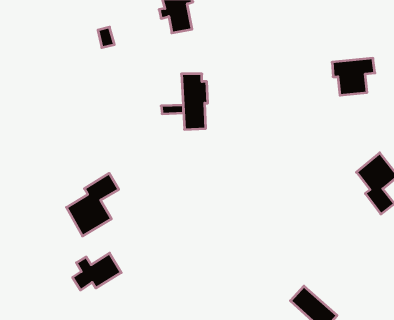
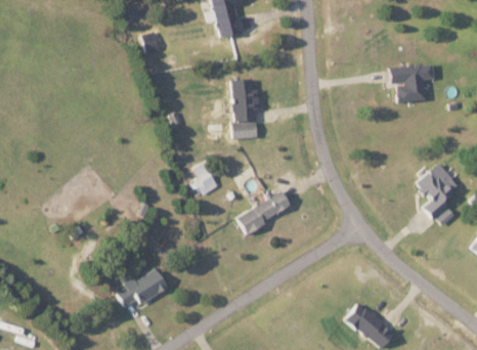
building: none -> [194,160,219,194]
building: [66,173,119,236] -> none
building: none -> [237,190,292,231]

